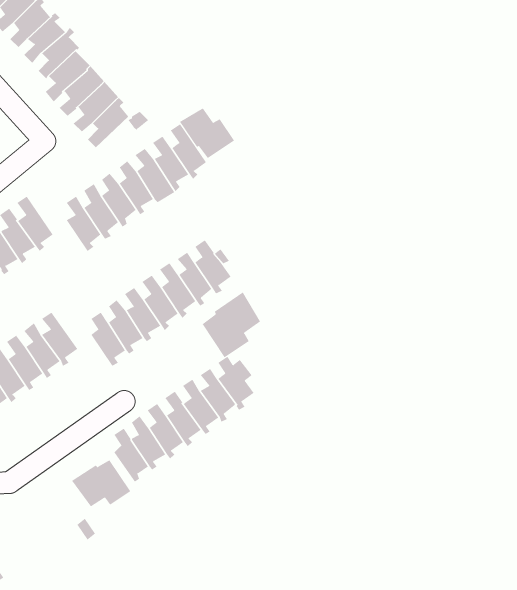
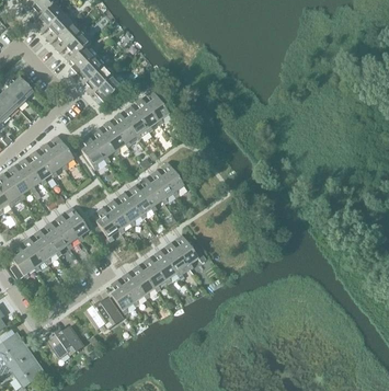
building: [179,107,235,159] -> none
building: [202,292,261,358] -> none
building: none -> [45,325,81,357]

